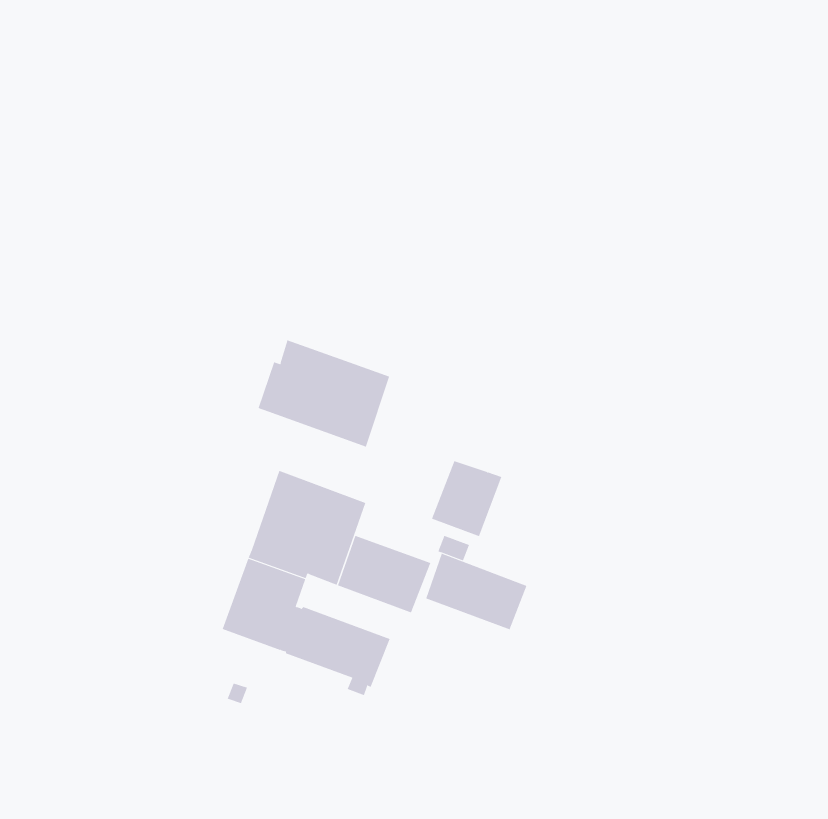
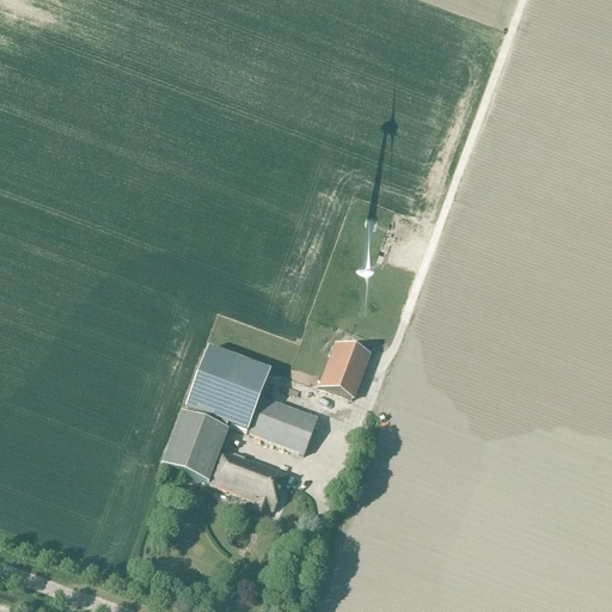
building: [258,340,390,447] -> none
building: [426,553,527,630] -> none

